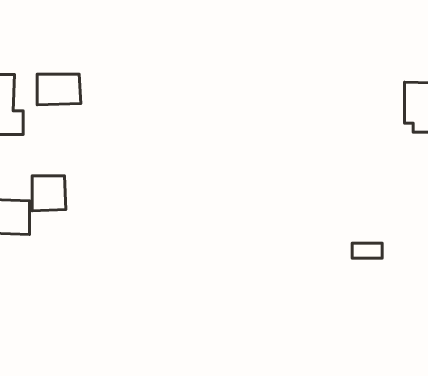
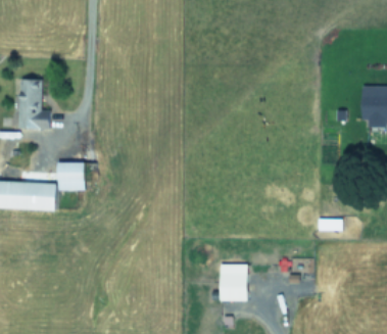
building: [37,74,81,105] -> none
building: none -> [219,264,246,300]

